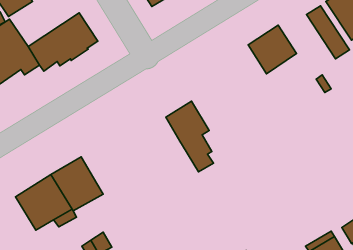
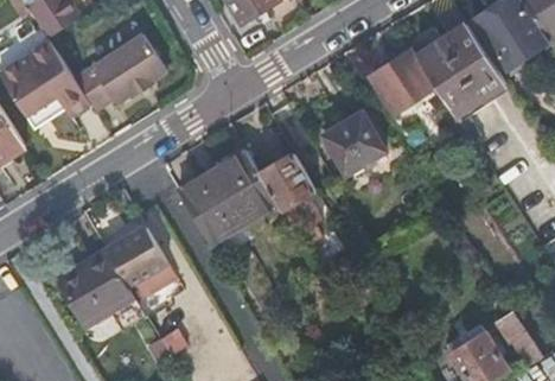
building: none -> [416,36,486,115]
building: none -> [323,110,385,174]
building: none -> [177,150,278,246]

